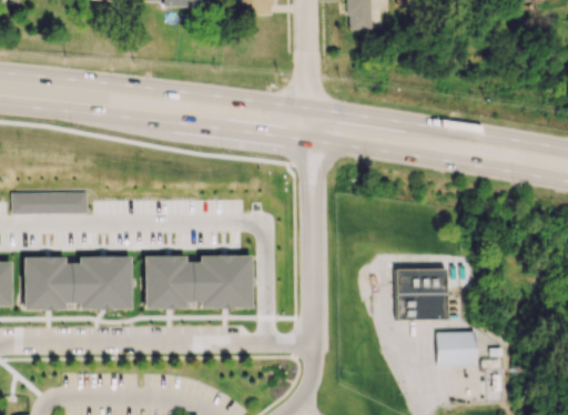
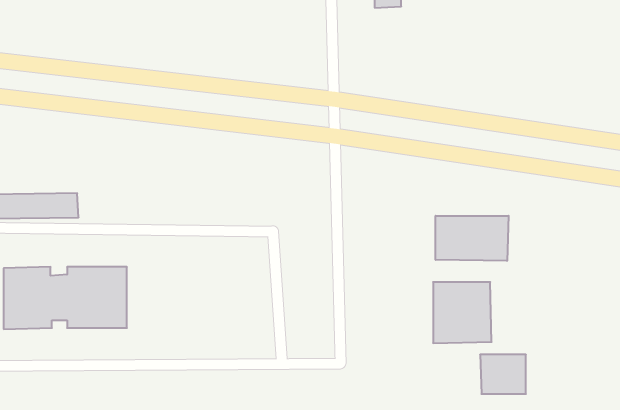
building: none -> [436,216,509,261]
building: [145,254,253,308] -> none

